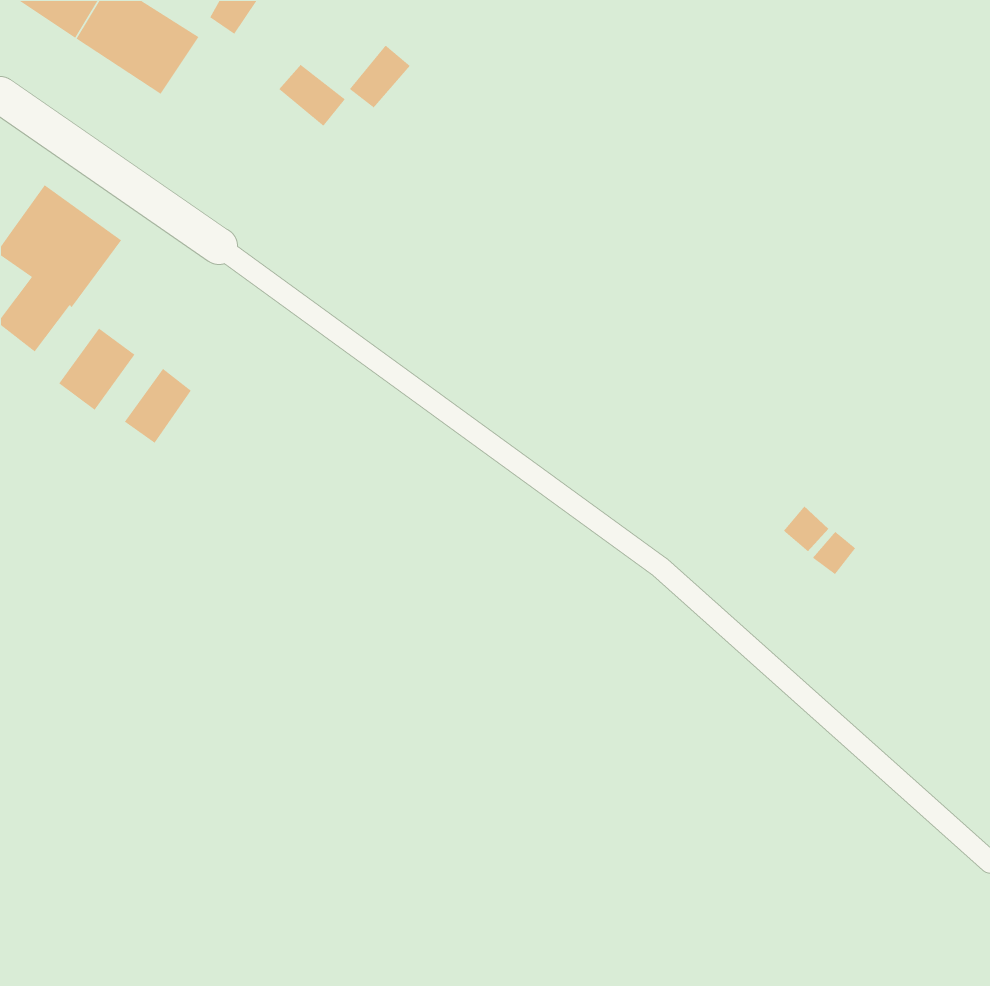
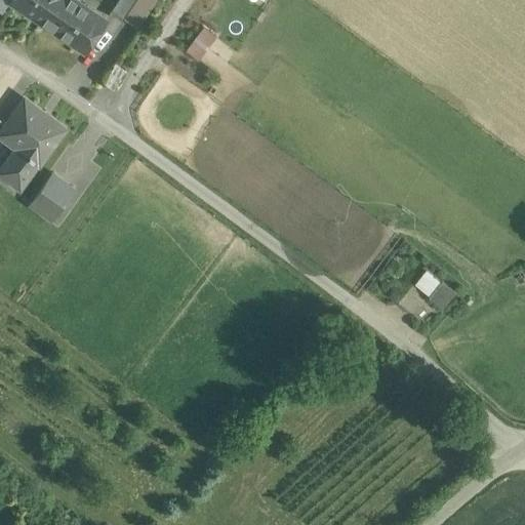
building: [278,64,346,127] -> none
building: [124,368,192,444] -> none

